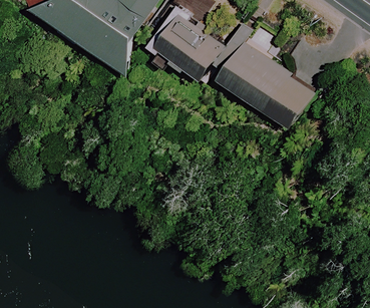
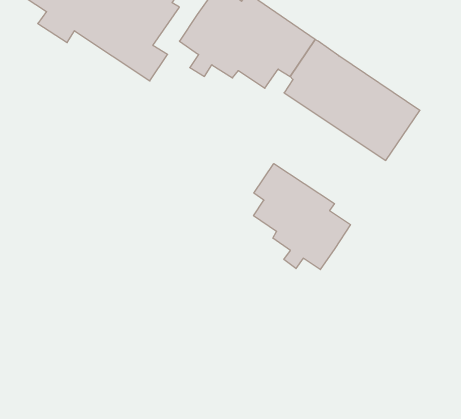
building: none -> [254,164,350,270]

